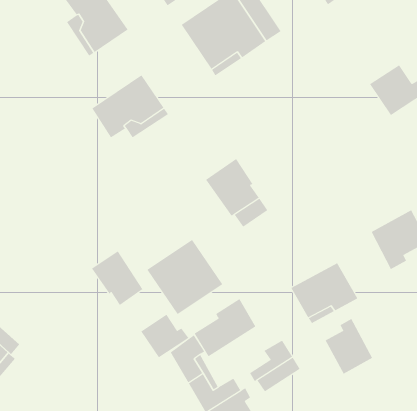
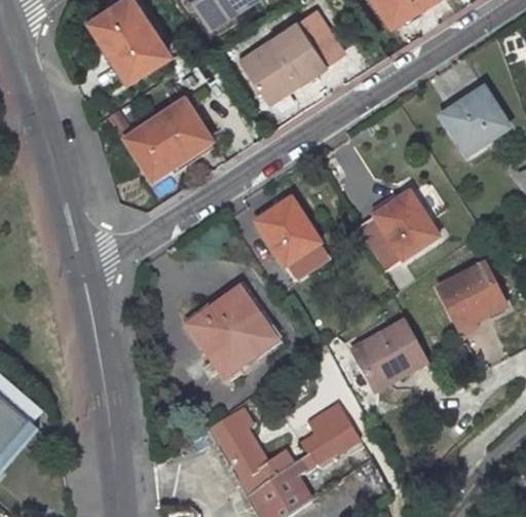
building: none -> [355,191,435,269]
building: [91,250,143,306] -> none
building: [194,298,256,357] -> none
building: [140,314,189,358] -> none
building: [325,318,373,375] -> none

